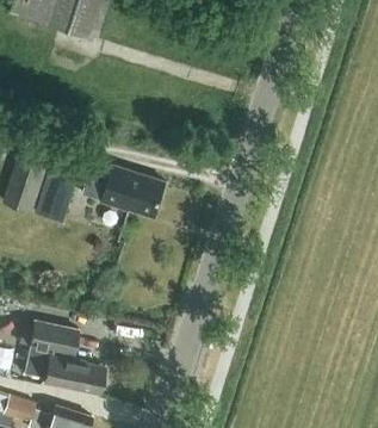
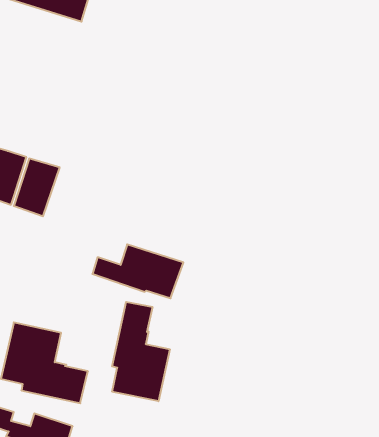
building: [81,166,166,216] -> [92,244,183,298]
building: none -> [112,302,170,401]

